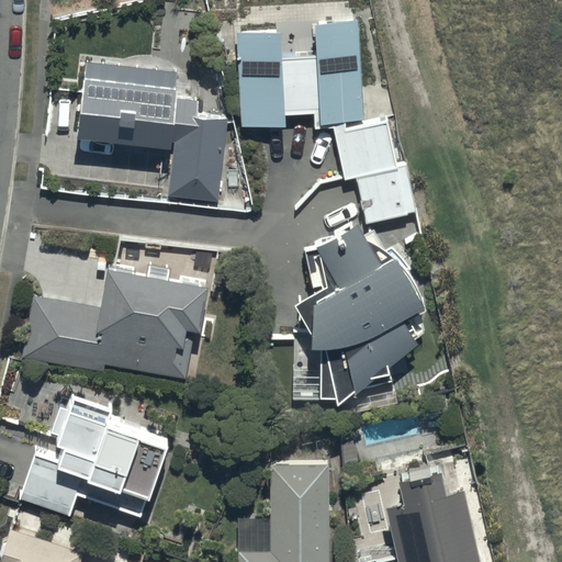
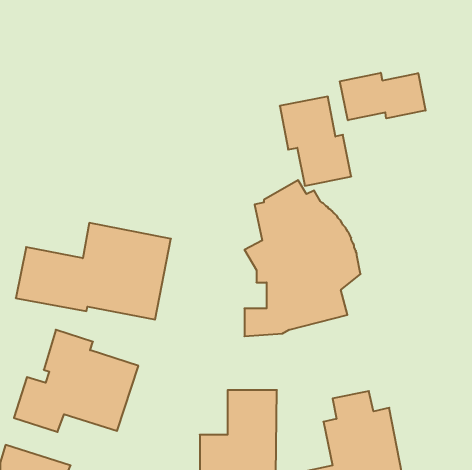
building: [236,21,366,127] -> none
building: [76,60,228,203] -> none
building: none -> [340,73,426,120]

